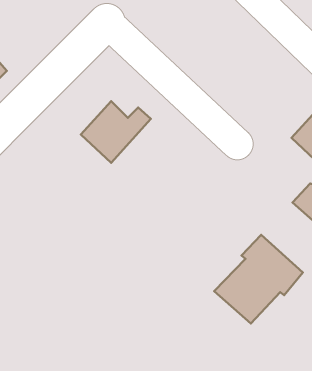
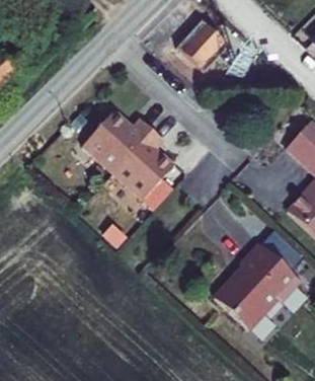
building: none -> [176,19,229,72]
building: none -> [112,130,172,200]

